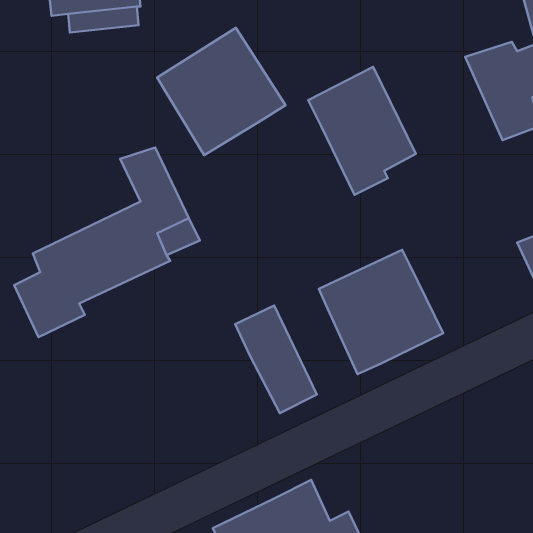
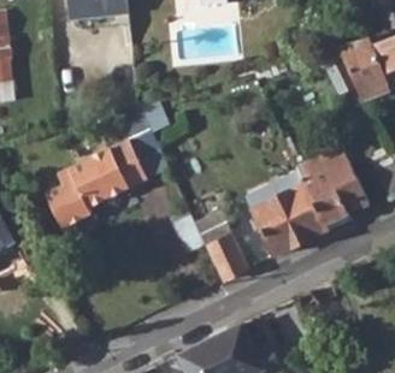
building: [157,28,285,155] -> none
building: [308,67,416,195] -> [295,143,365,226]

